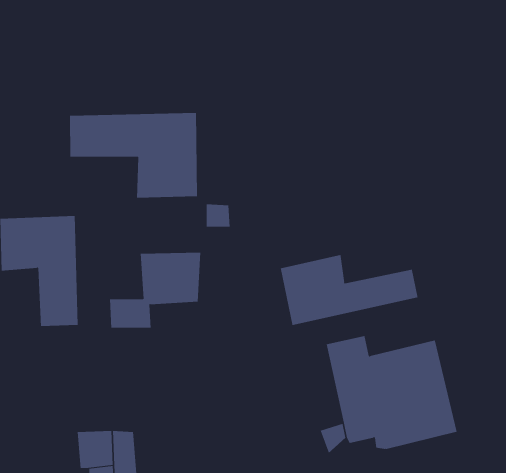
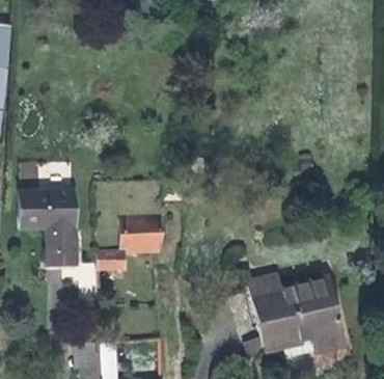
building: [69,112,197,198] -> none
building: [280,254,418,326] -> none

